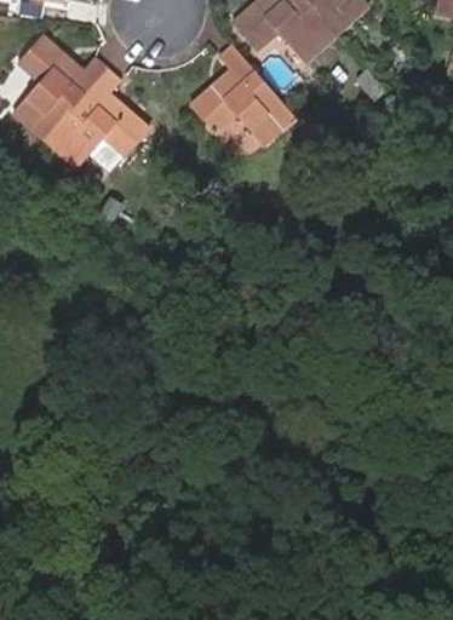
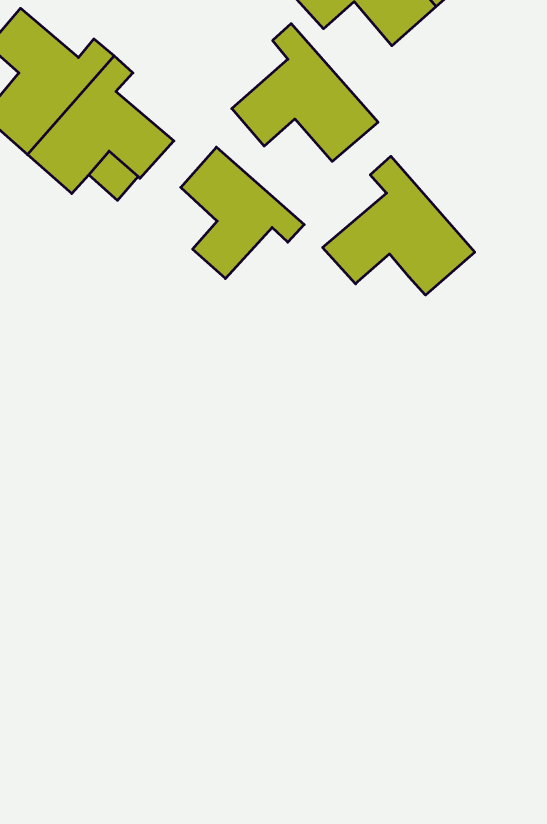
building: none -> [181,147,304,279]
building: none -> [323,156,475,295]

